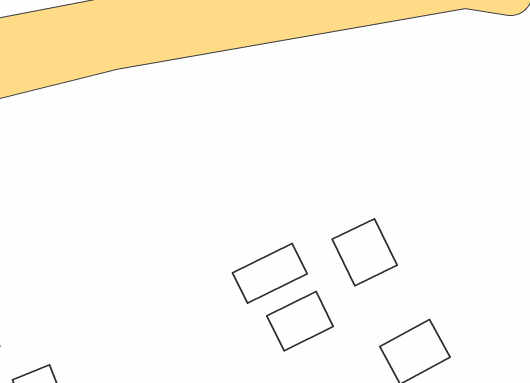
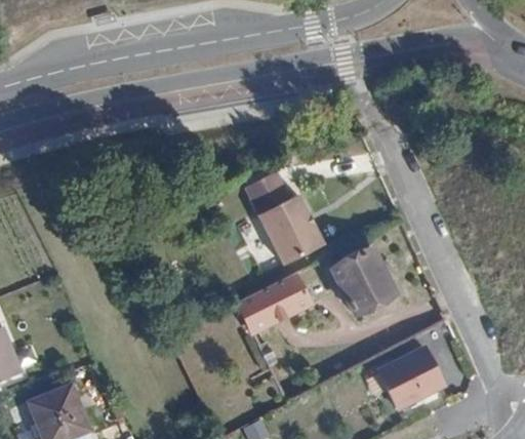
building: none -> [249,173,325,265]
building: [267,292,333,351] -> none

